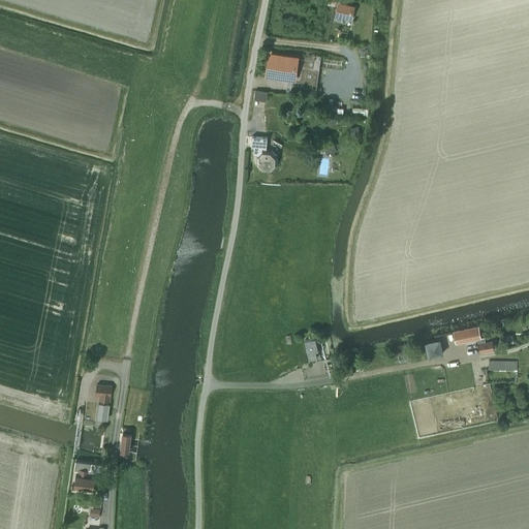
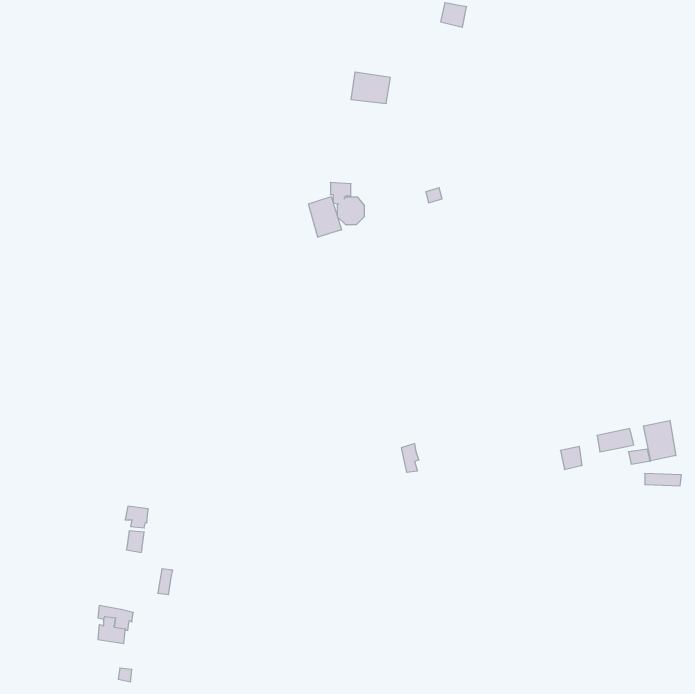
building: none -> [309,197,342,237]
building: none -> [644,420,676,461]

